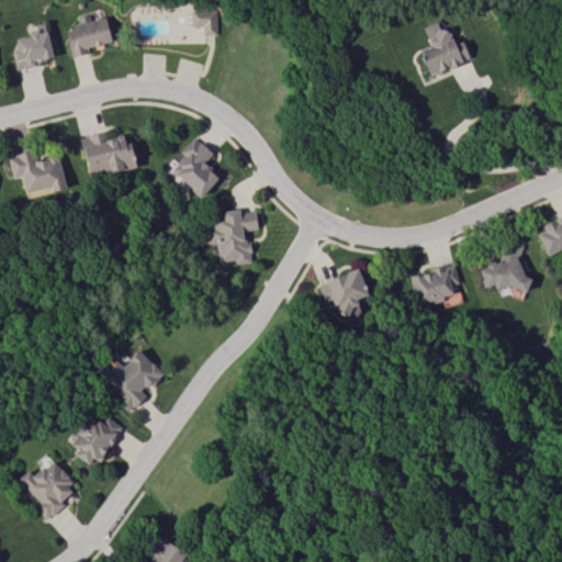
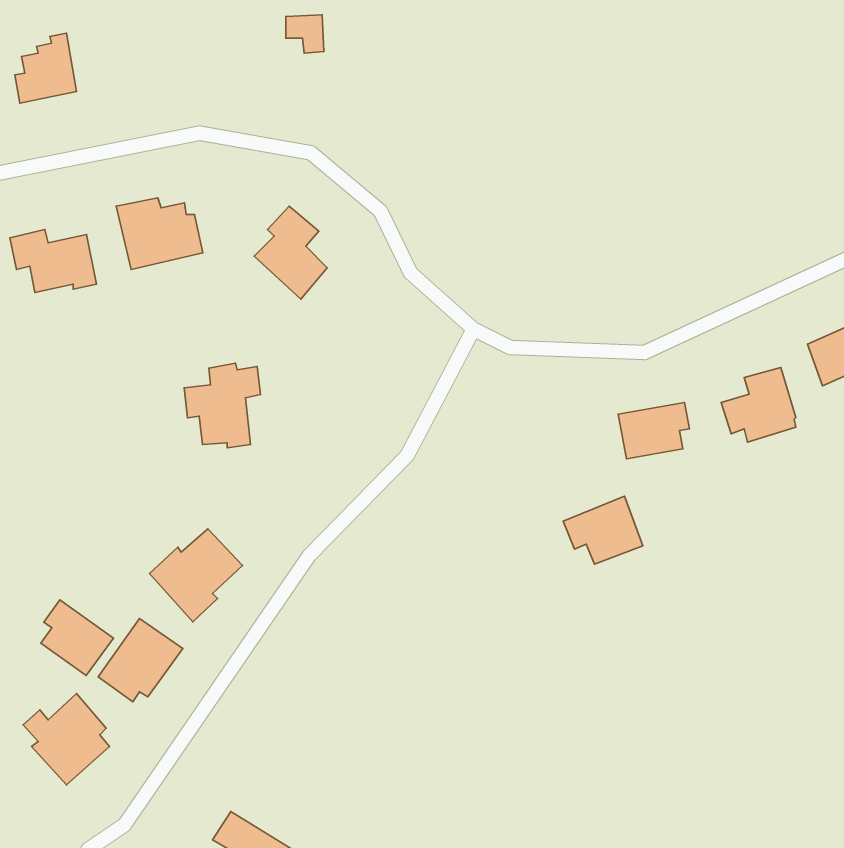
building: [65,18,113,58] -> none
building: [419,29,470,76] -> none
building: [207,209,258,265] -> [184,363,260,448]
building: [318,268,371,313] -> [563,496,643,564]
building: none -> [41,600,114,676]

